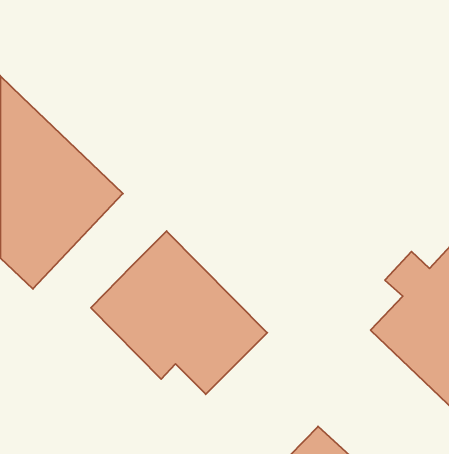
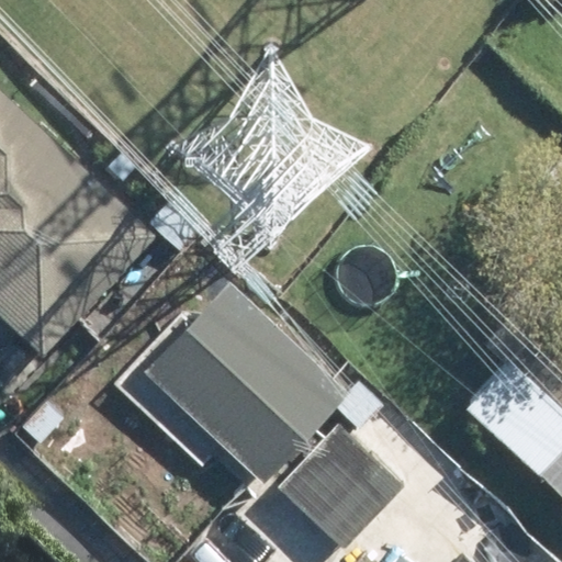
building: none -> [279,423,394,553]

